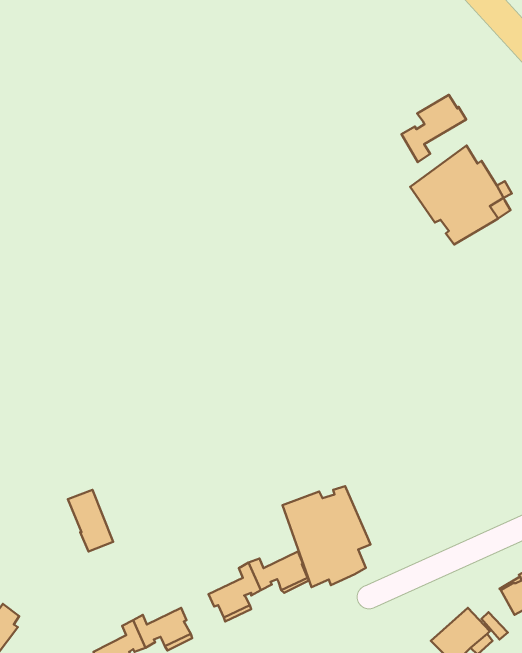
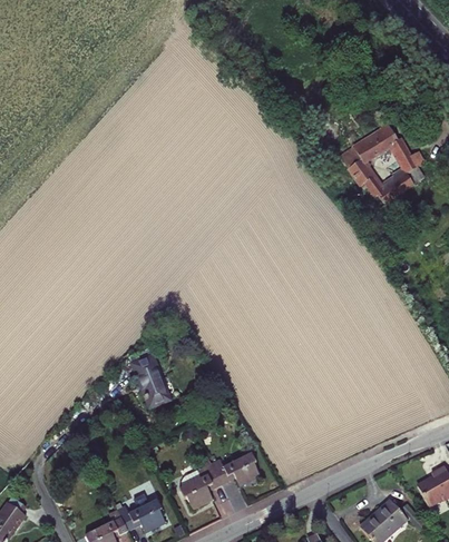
building: [401,95,466,162] -> none
building: [282,486,371,587] -> none
building: [68,490,113,551] -> [131,356,168,406]

